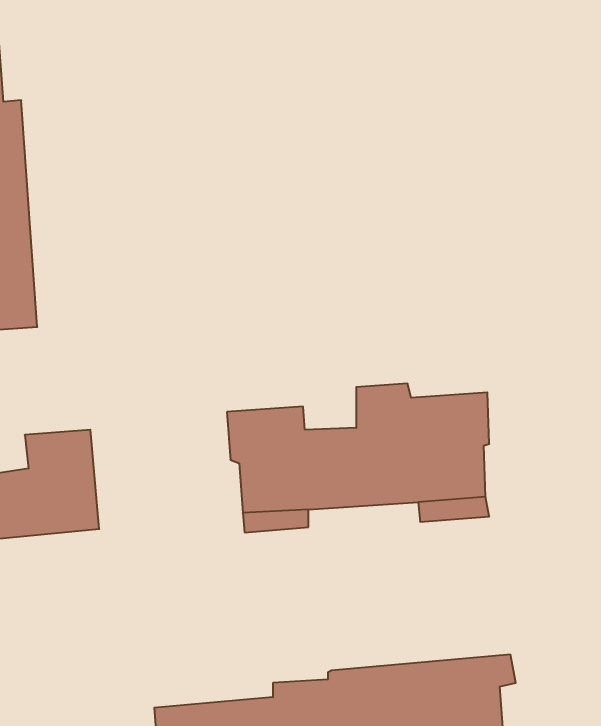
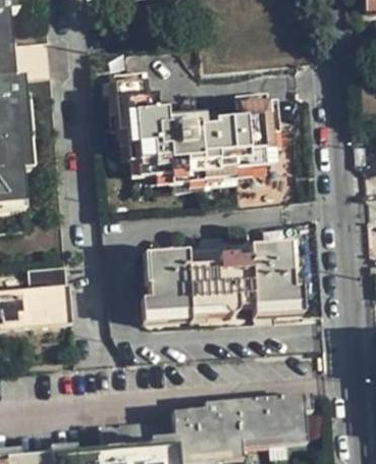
building: none -> [110,82,273,184]

